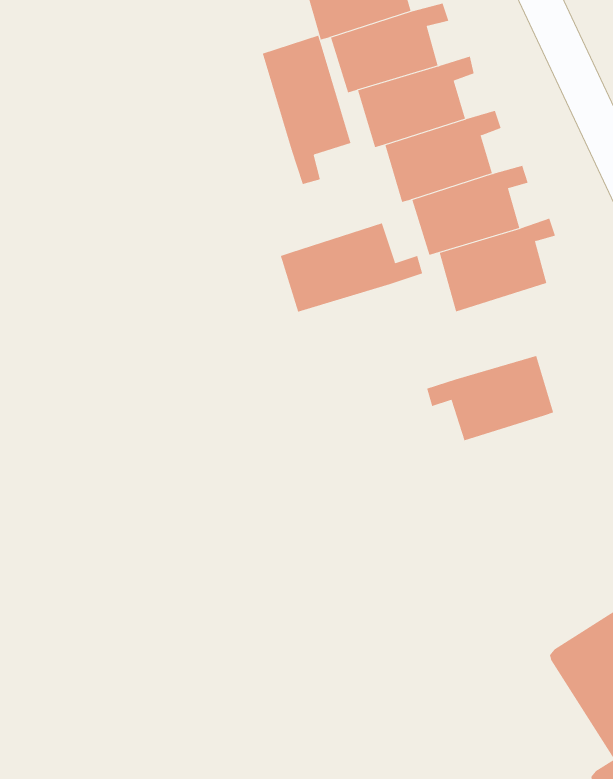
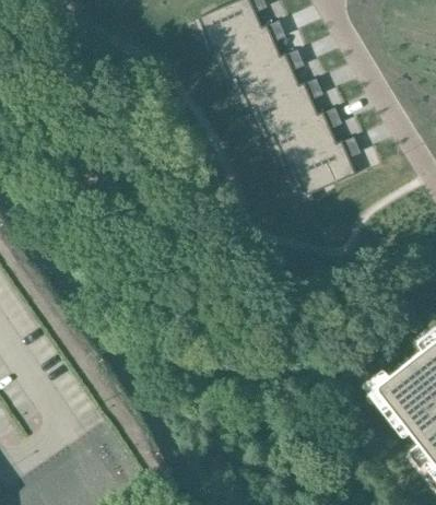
building: [262,35,351,185] -> none
building: [280,223,423,312] -> none
building: [426,355,554,441] -> none

